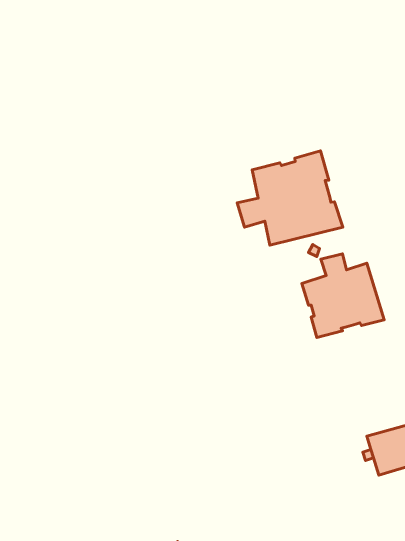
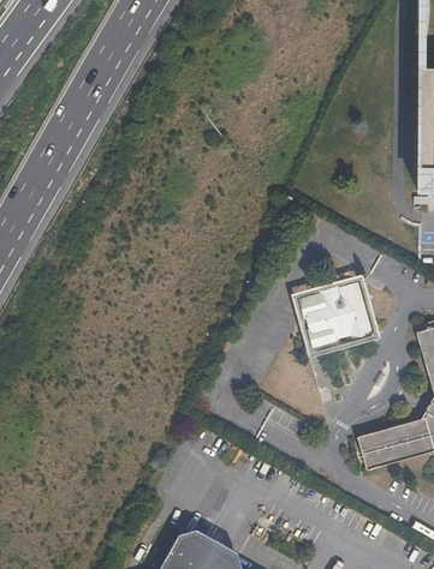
building: [237,151,343,245] -> none

